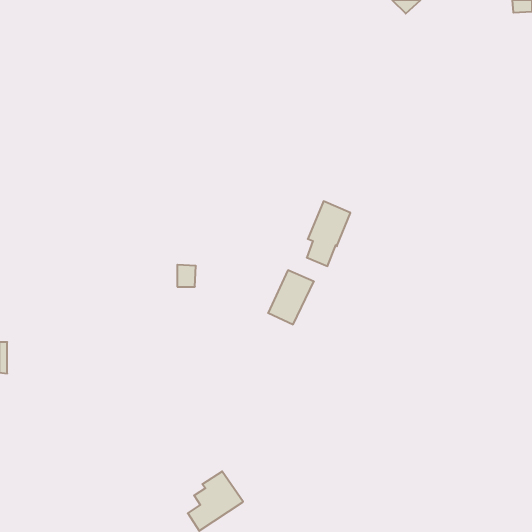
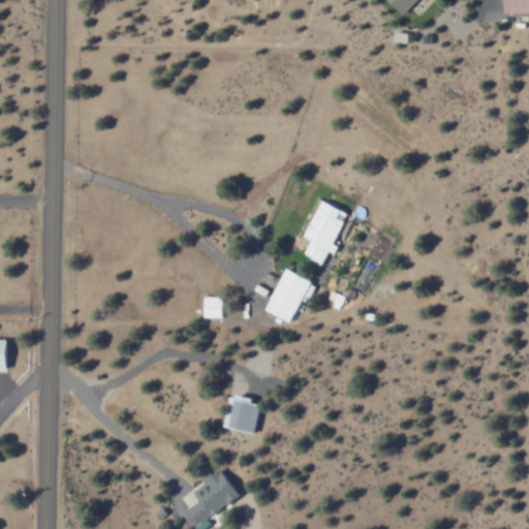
building: [177,265,196,287] -> [203,297,221,318]
building: none -> [223,396,260,433]

